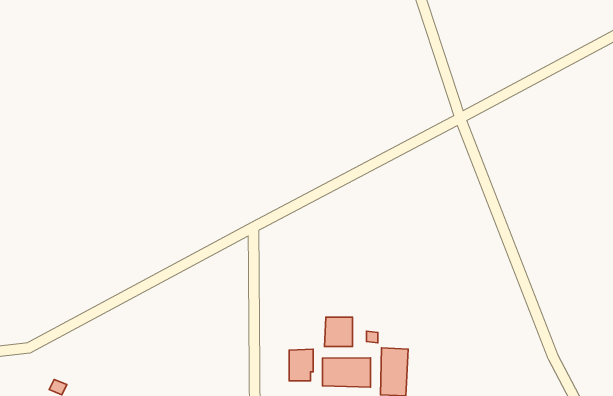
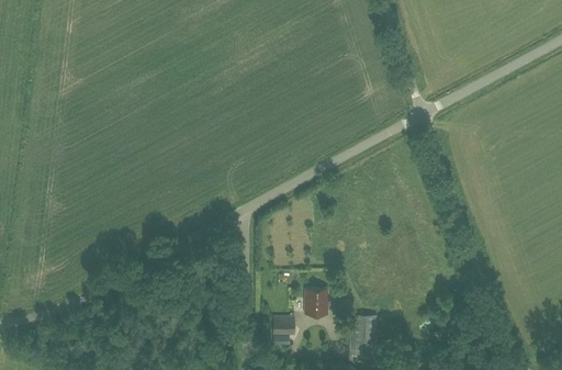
building: [323,358,371,387] -> none

